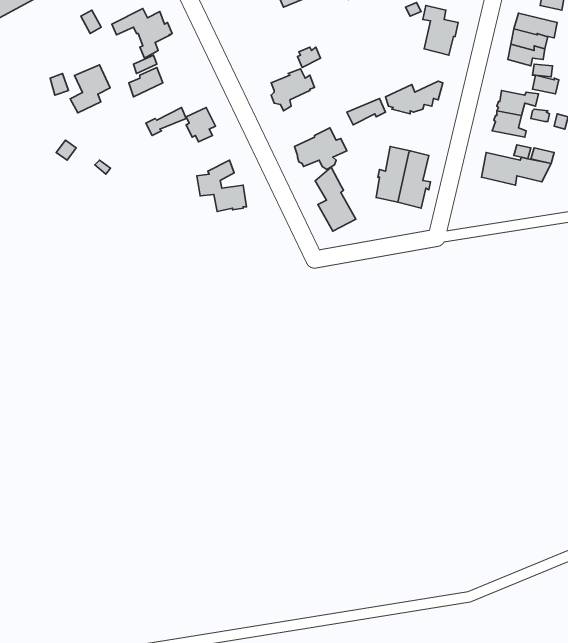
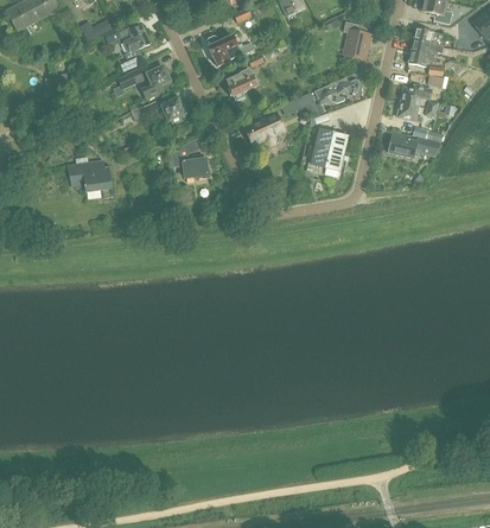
building: none -> [205,34,254,66]
building: [70,65,110,113] -> [140,63,171,100]
building: [315,167,356,231] -> none
building: none -> [68,160,112,197]

